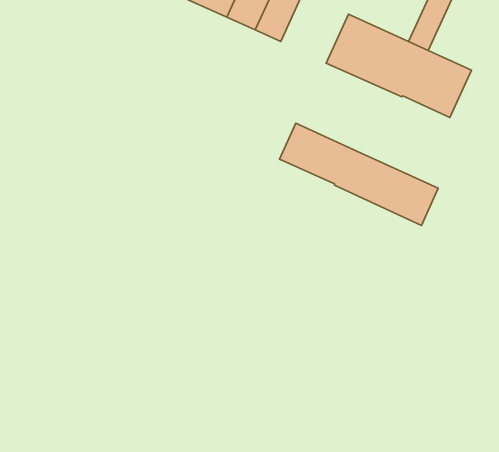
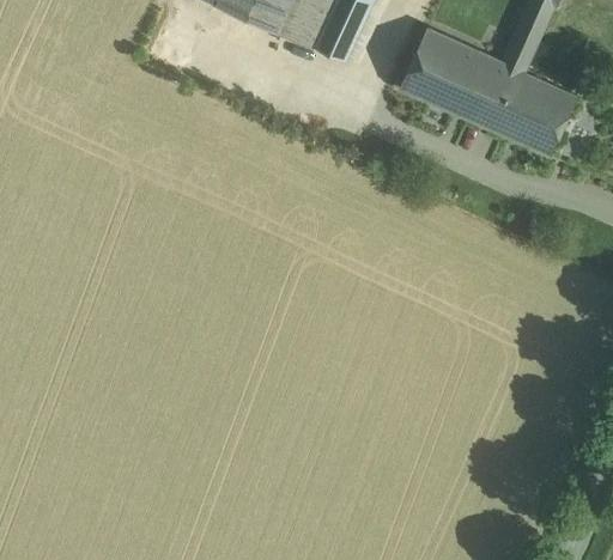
building: [280,123,438,226] -> none

